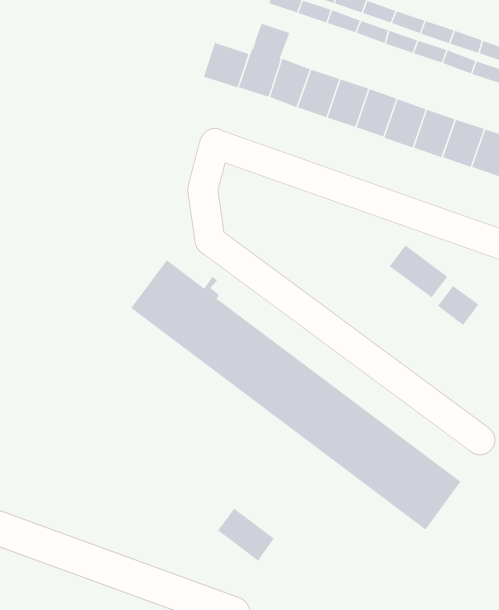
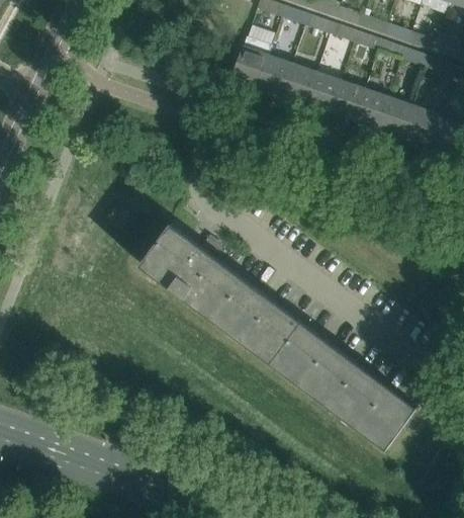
building: [203,41,249,88] -> none
building: [387,245,448,298] -> none
building: [437,285,481,326] -> none
building: [216,508,274,561] -> none

